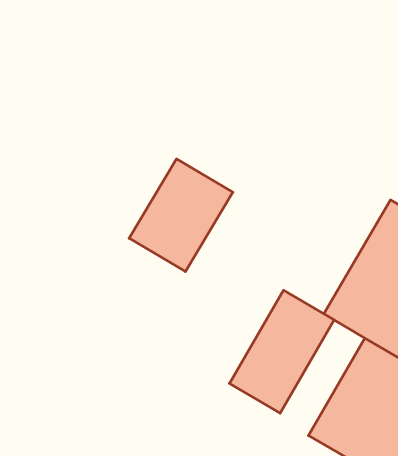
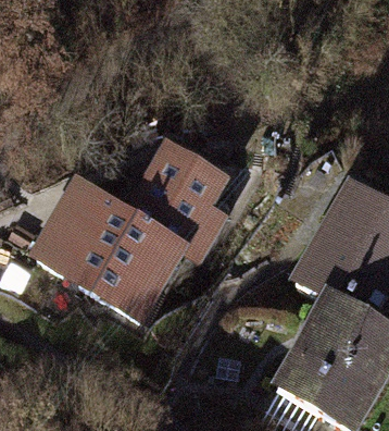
building: none -> [39,188,177,315]
building: [229,290,334,413] -> none

